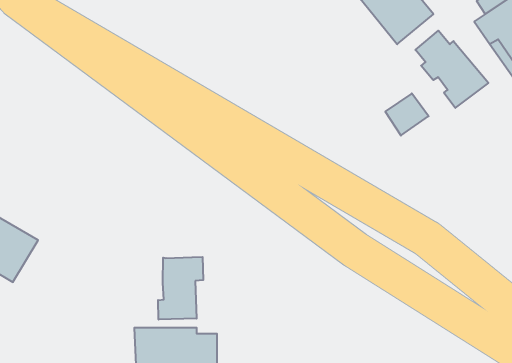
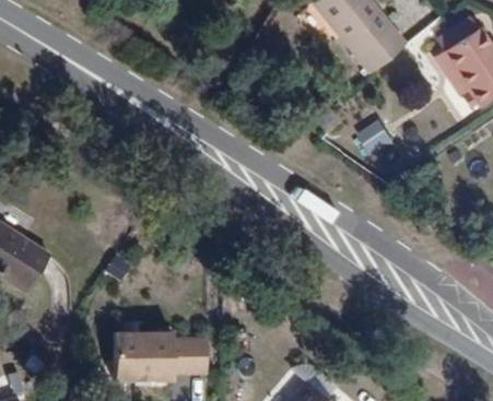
building: [415,31,488,108] -> none
building: [158,257,203,320] -> none

